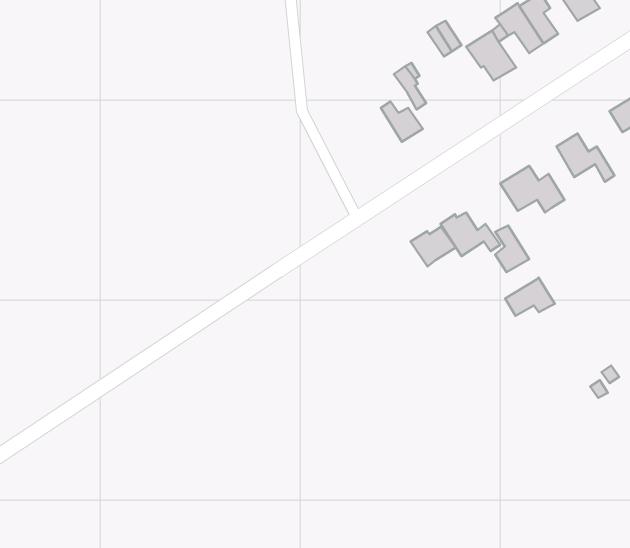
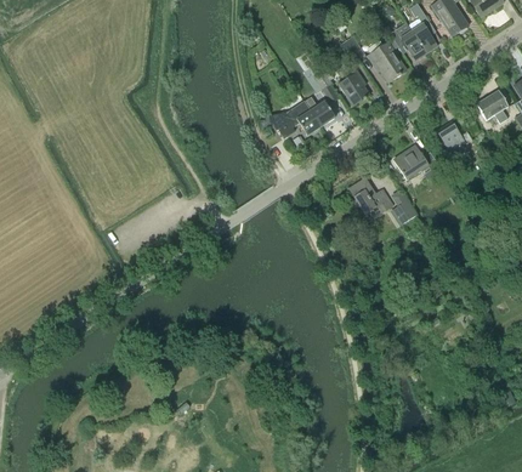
building: none -> [339,70,370,104]
building: none -> [279,96,319,135]
building: [410,227,456,266] -> none
building: [505,278,555,316] -> none

